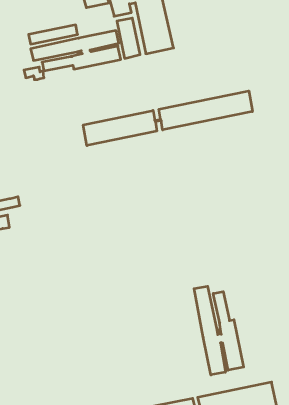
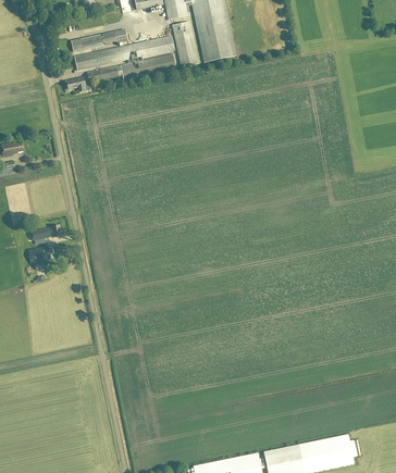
building: [83,91,252,146] -> none
building: [194,286,244,375] -> none

